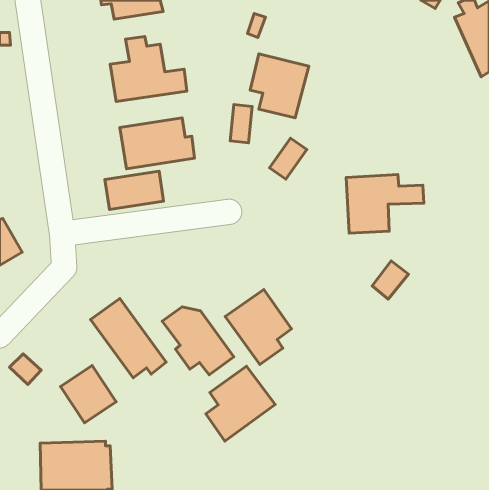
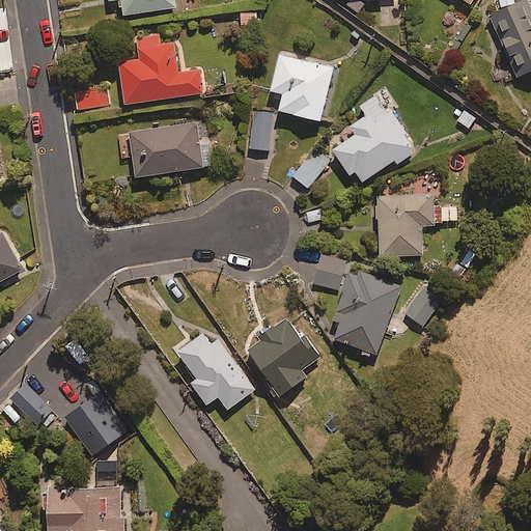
building: none -> [332,97,414,187]
building: [105,171,163,210] -> none
building: none -> [310,252,400,350]
building: [91,299,166,378] -> none
building: [206,366,275,441] -> none

